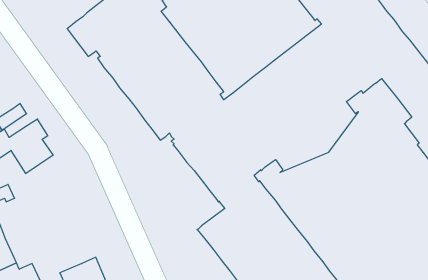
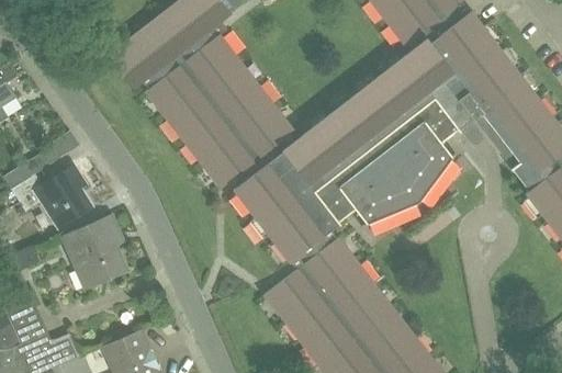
building: none -> [63,216,126,287]

